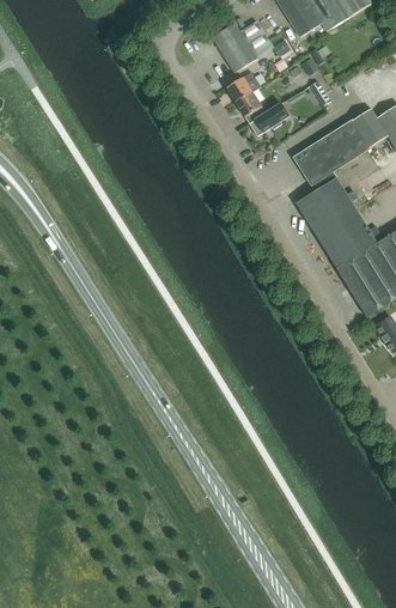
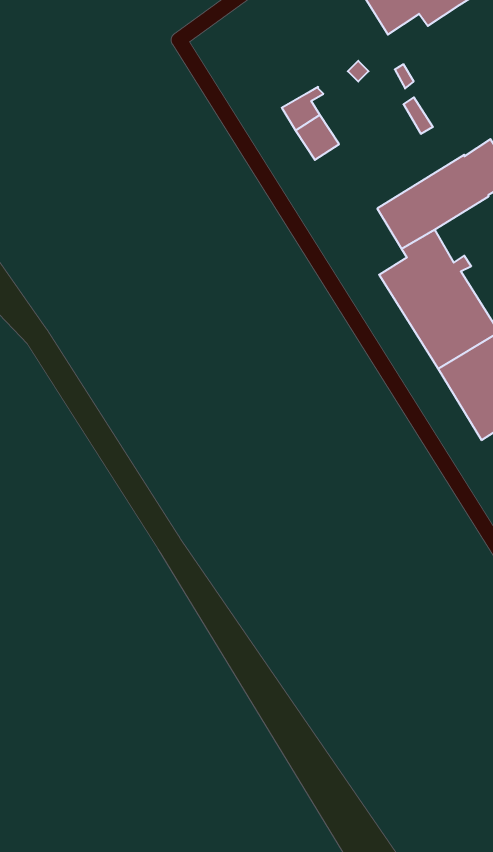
building: [213,20,270,72] -> none
building: [250,102,290,135] -> none

